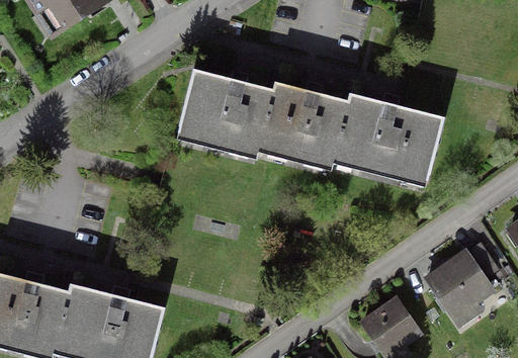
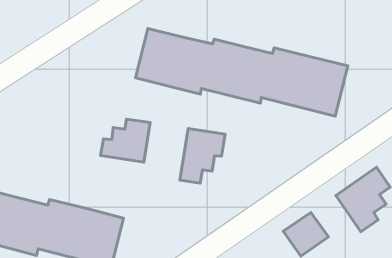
building: none -> [101,119,150,162]
building: none -> [180,129,225,183]

